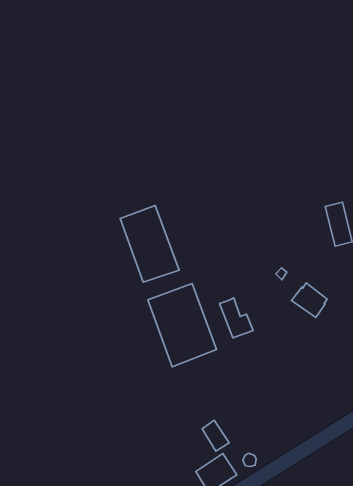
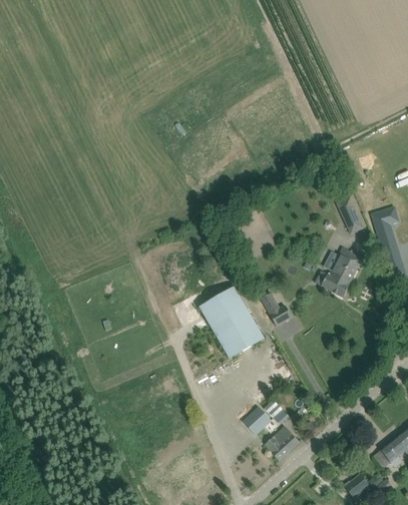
building: [120,205,179,282] -> none
building: none -> [331,246,363,280]
building: none -> [244,407,271,434]

